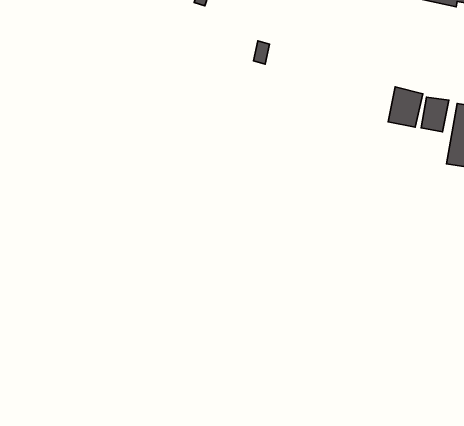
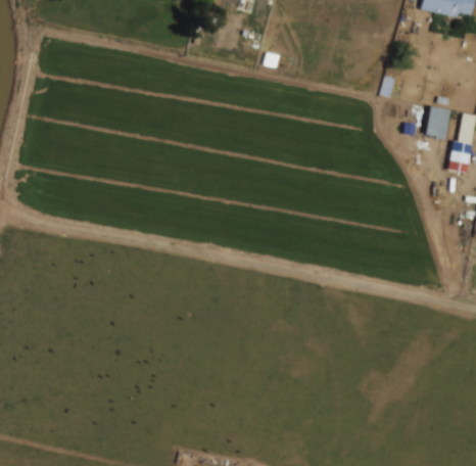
building: [388,87,423,127] -> none

